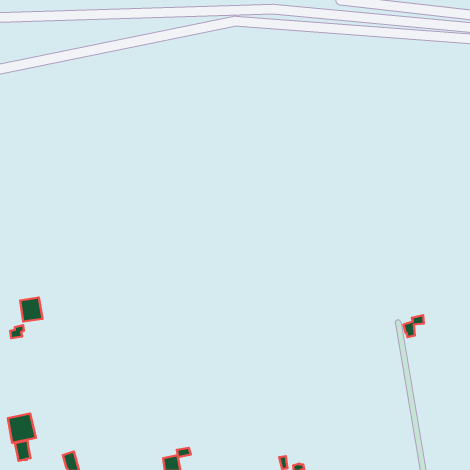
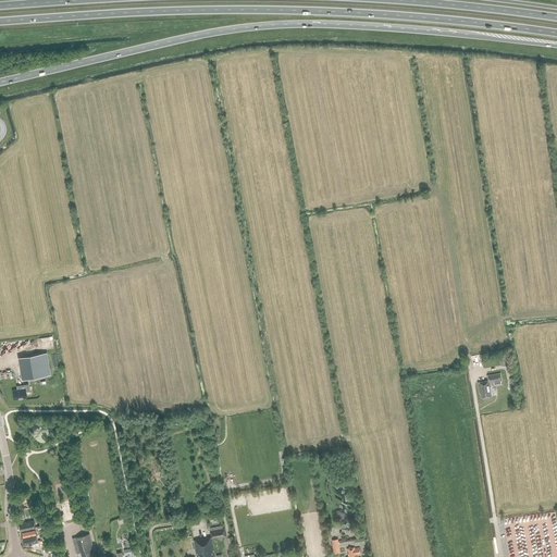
building: [8,414,36,443] -> none

